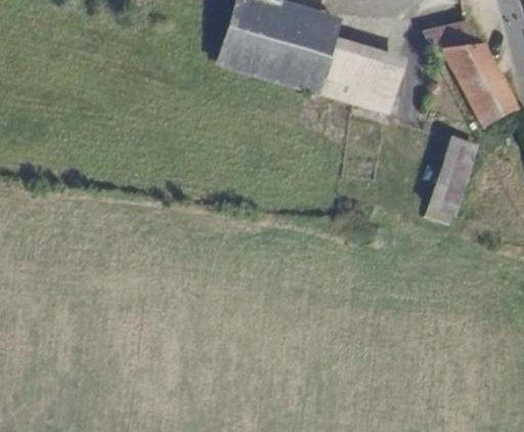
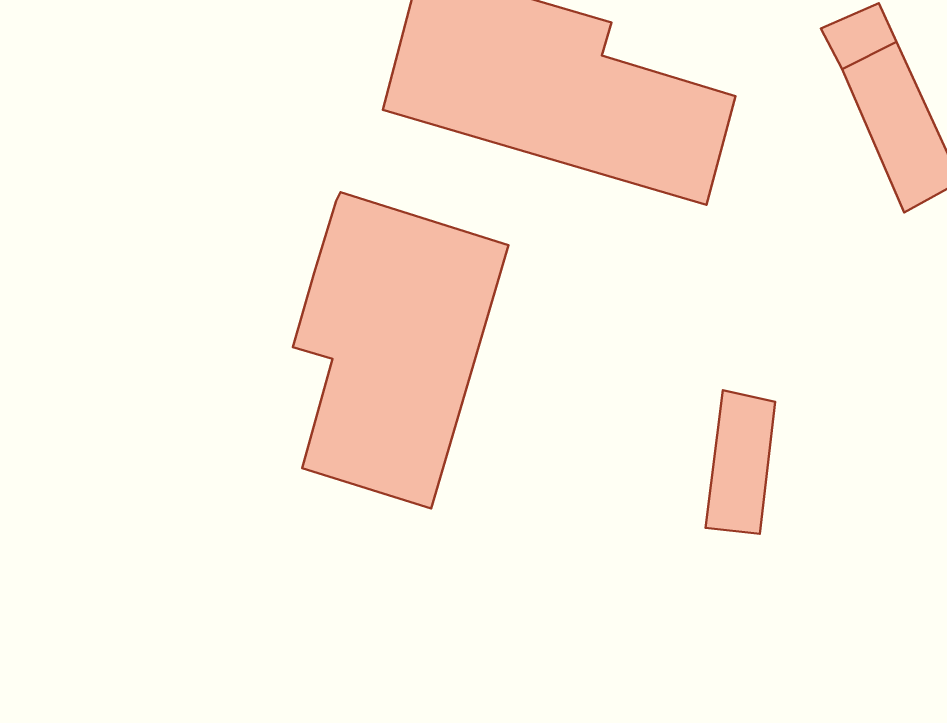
building: none -> [293,192,508,508]
building: [437,138,474,214] -> [706,390,775,534]

